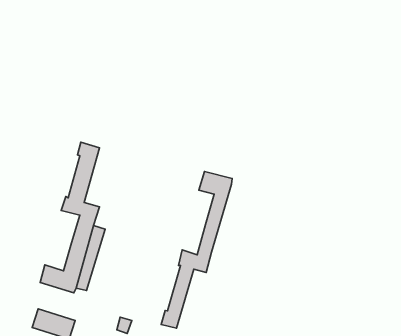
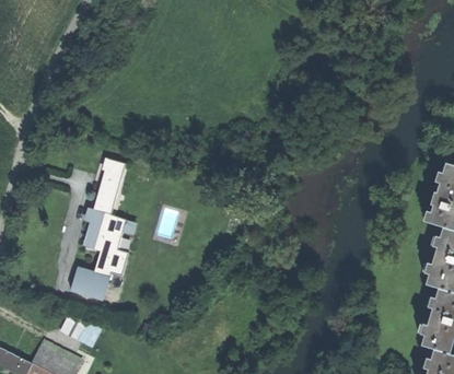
building: [161,172,232,328] -> none

